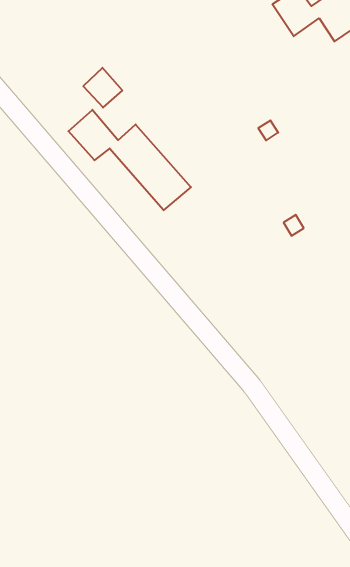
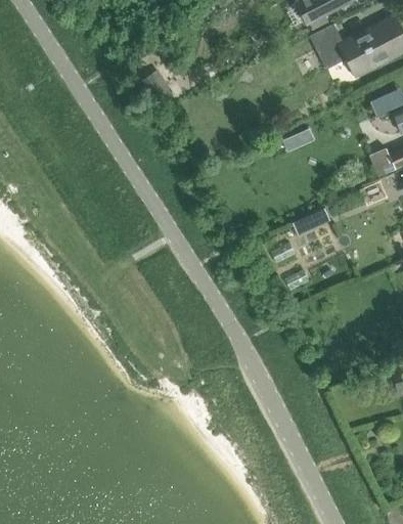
building: [68,110,191,210] -> none

